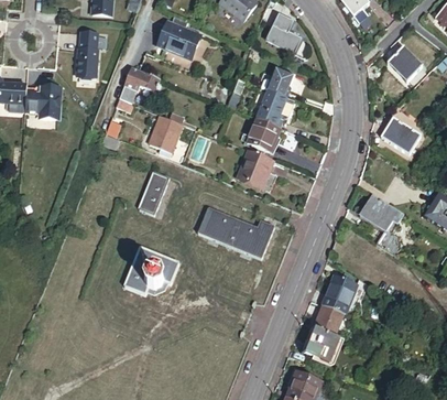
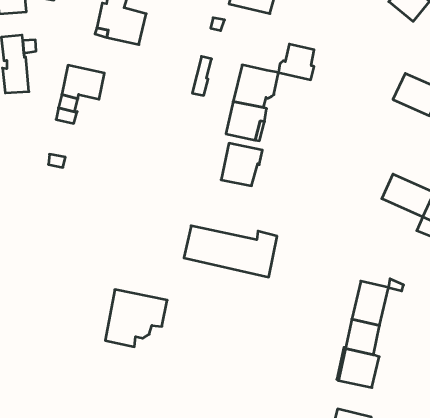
building: [263,65,294,96] -> [279,44,314,80]
building: [148,113,182,151] -> none
building: [138,171,168,214] -> none

